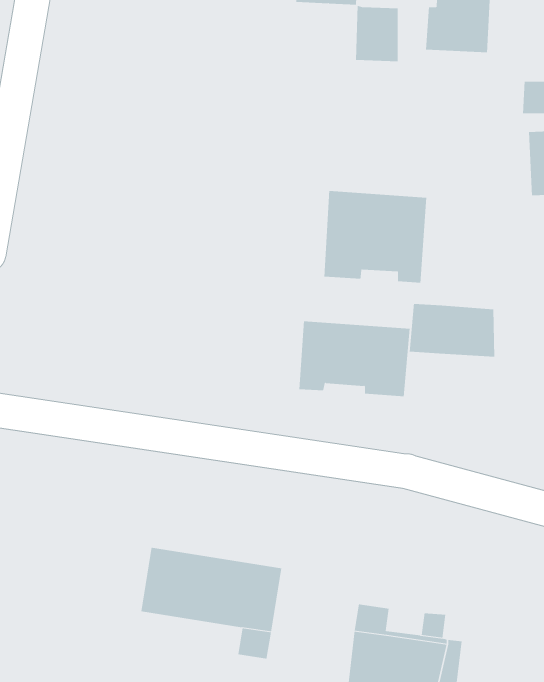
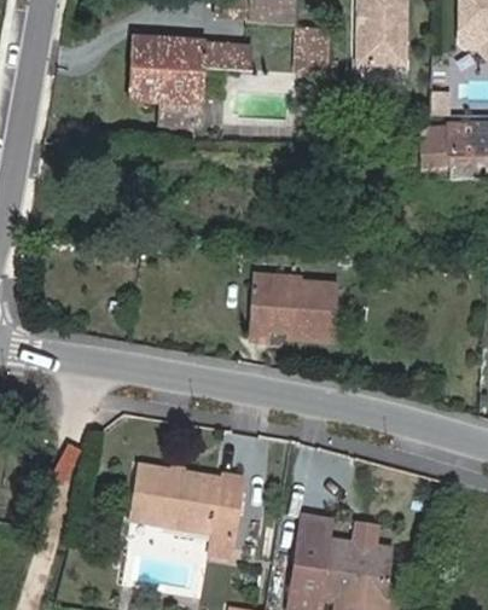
building: none -> [127,33,250,120]
building: [324,190,427,284] -> none
building: [409,303,495,357] -> none

